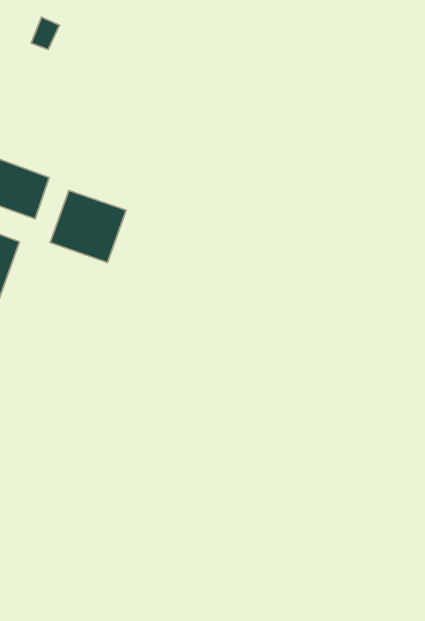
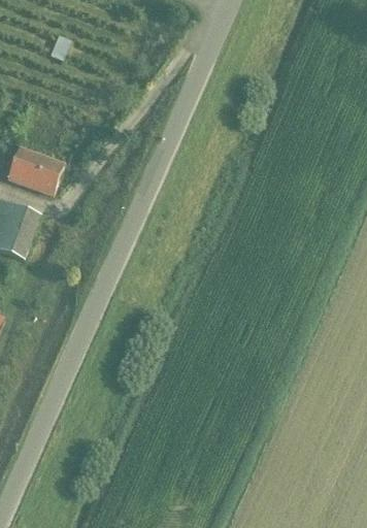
building: [50,190,126,263] -> none

